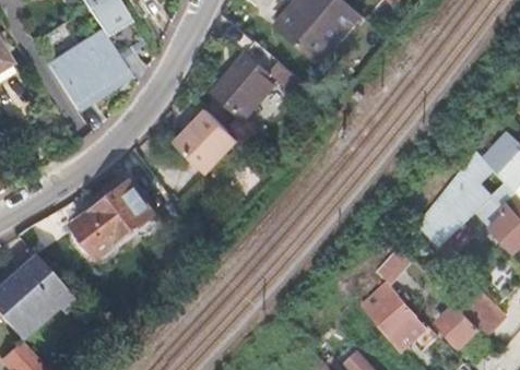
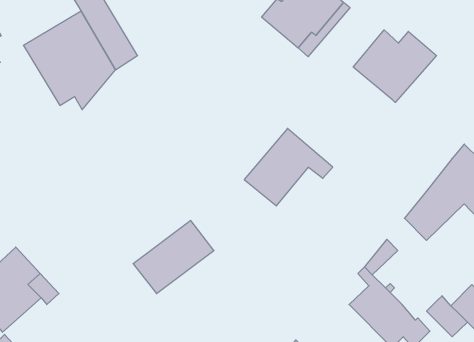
building: none -> [353,30,436,102]
building: [214,44,302,120] -> [244,128,333,206]
building: [172,112,227,168] -> none
building: [75,181,155,253] -> [133,221,214,294]

